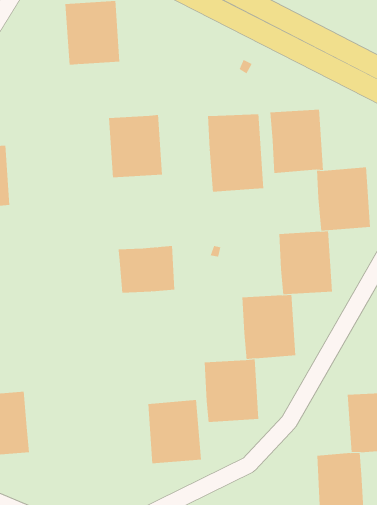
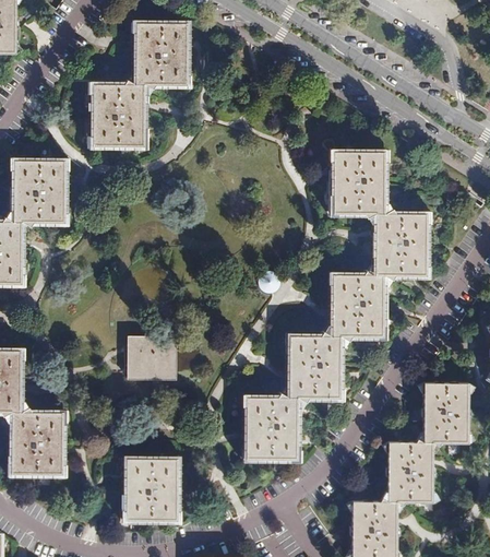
building: [208,113,264,193] -> none
building: [108,115,163,178] -> [93,84,145,146]
building: [118,246,175,293] -> [123,333,179,379]
building: [148,400,202,464] -> [126,459,177,520]

